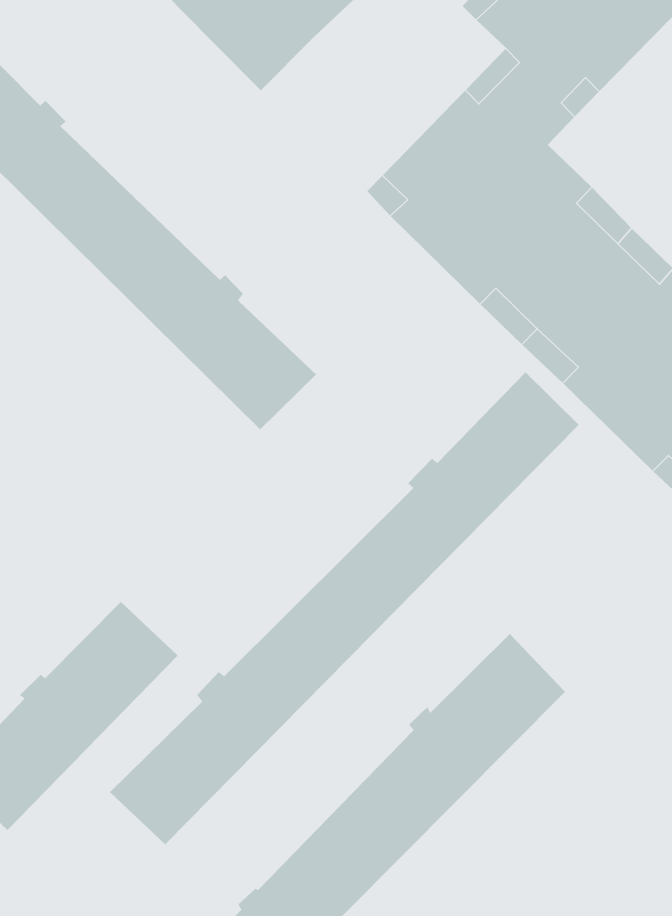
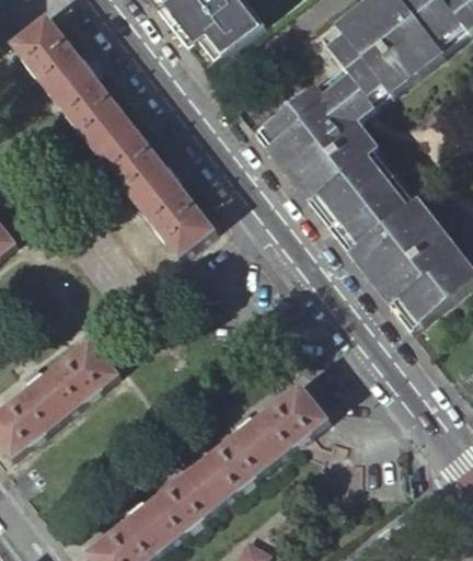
building: [109,372,579,845] -> none

